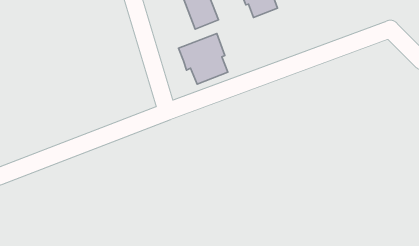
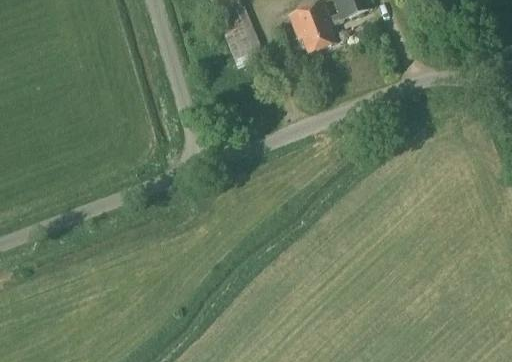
building: [179,34,228,84] -> none

